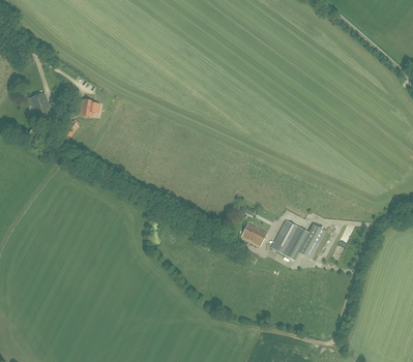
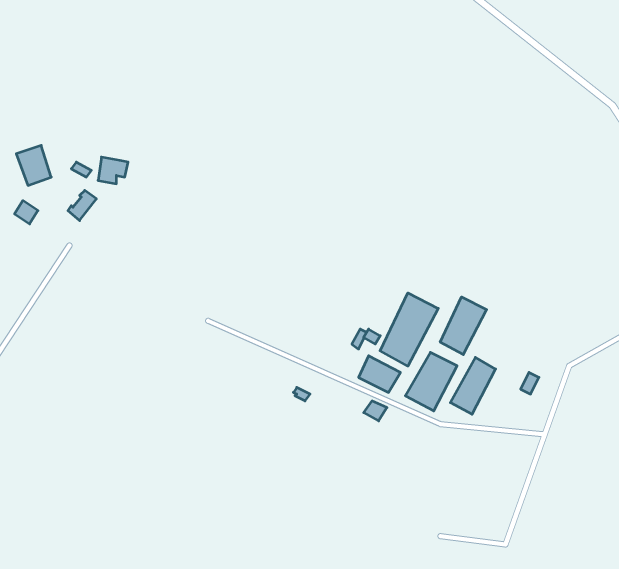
building: none -> [380,293,438,366]
building: none -> [440,297,487,355]

